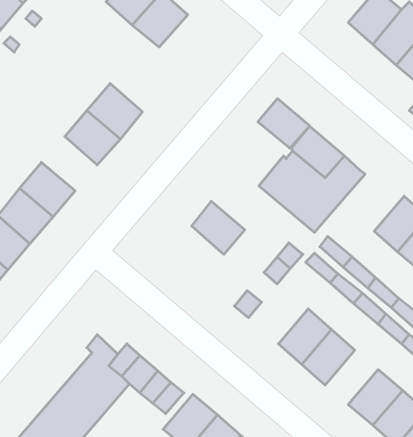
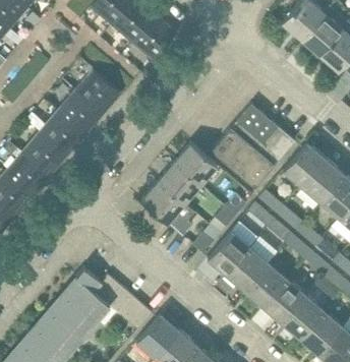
building: none -> [132,15,175,59]
building: [258,99,310,148] -> none
building: none -> [40,111,83,154]
building: none -> [282,141,325,185]
building: none -> [173,142,217,184]
building: none -> [140,181,193,235]
building: none -> [207,230,249,274]
building: none -> [262,279,304,321]

